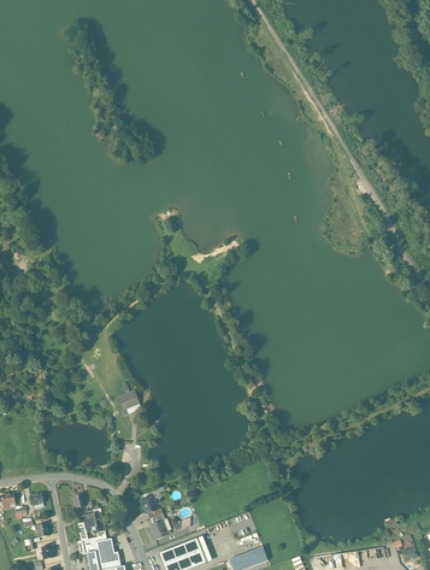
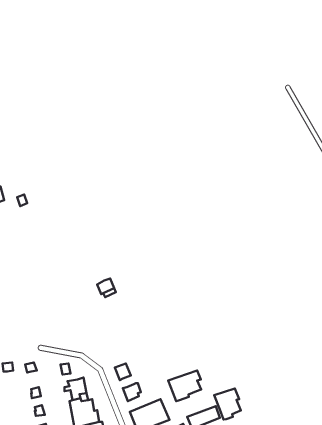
building: none -> [168,370,201,401]
building: none -> [214,389,241,420]

